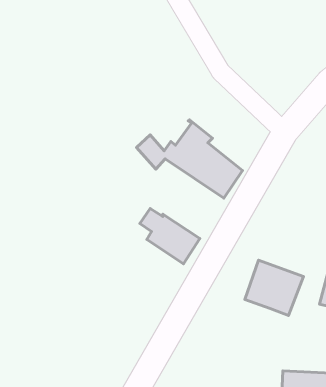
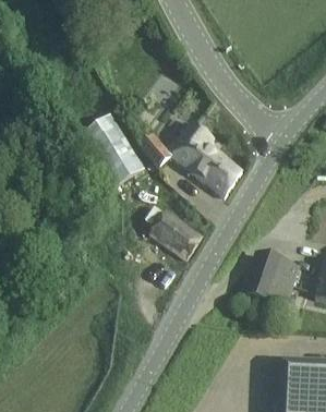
building: none -> [82,114,144,185]

